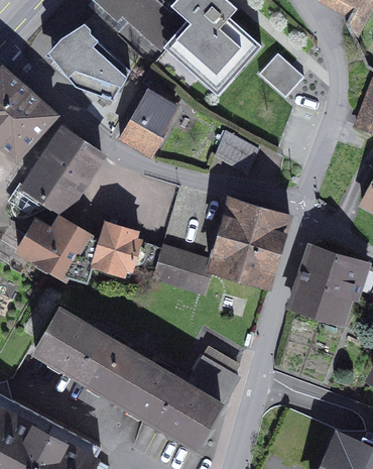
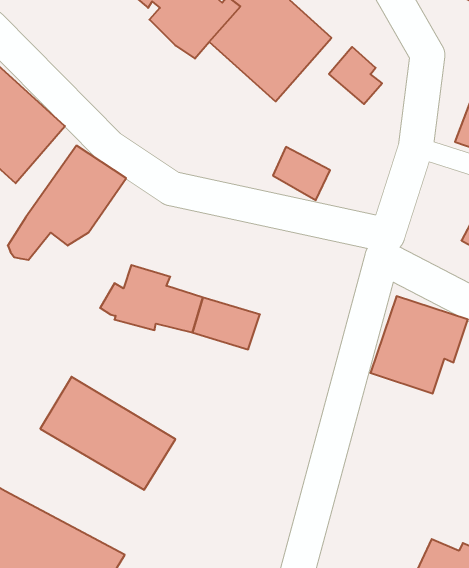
building: [52,26,130,101] -> none
building: [120,86,177,151] -> none
building: [209,199,289,286] -> none
building: [18,218,93,281] -> none
building: [116,355,237,445] -> none

